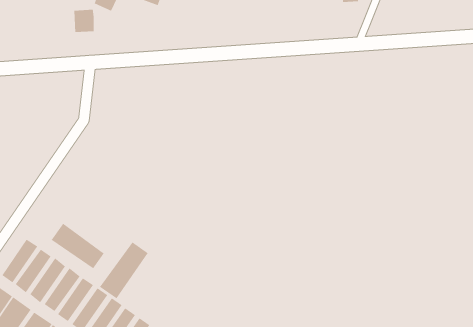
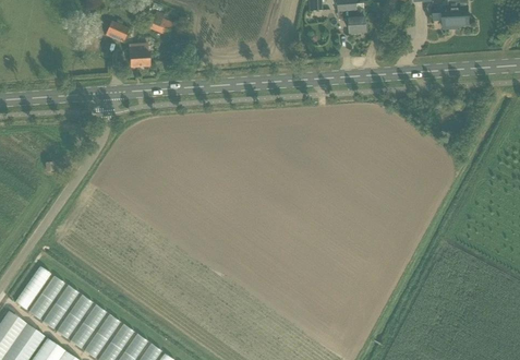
building: [73,9,94,33] -> [129,45,149,68]
building: [51,223,105,269] -> none
building: [99,241,148,299] -> none

